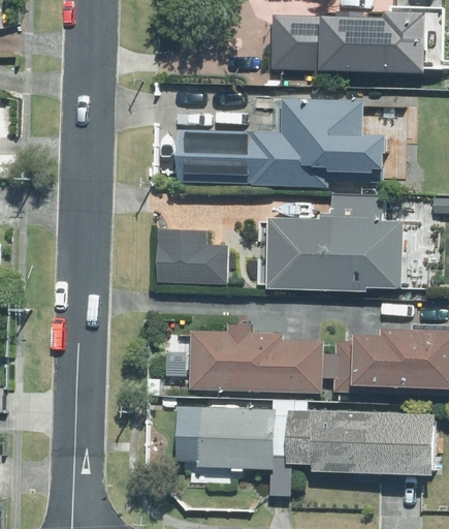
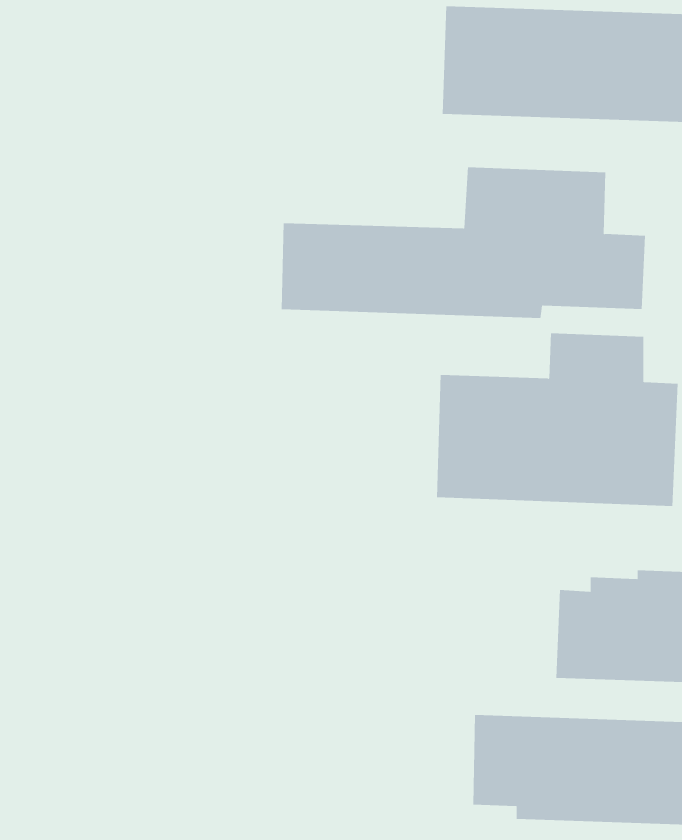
building: [157,229,226,284] -> none
building: [188,322,323,393] -> none
building: [184,405,274,468] -> none

